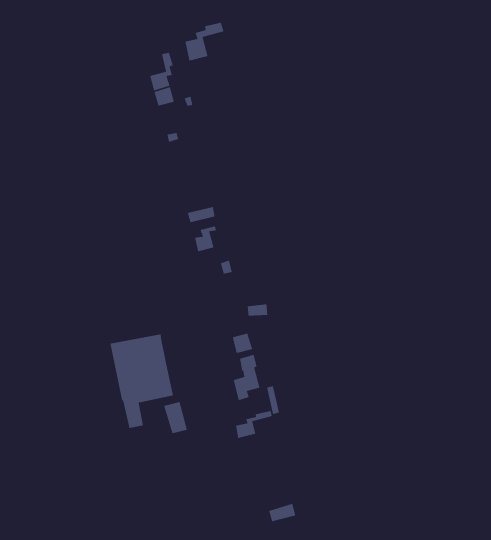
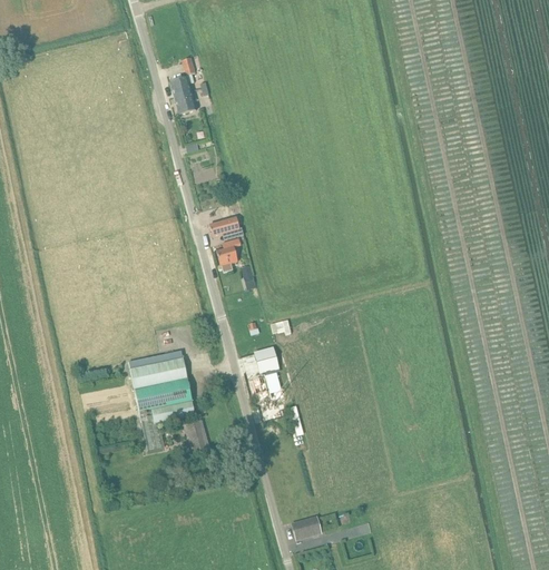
building: [184,22,224,62] -> none
building: [235,410,273,439] -> none

